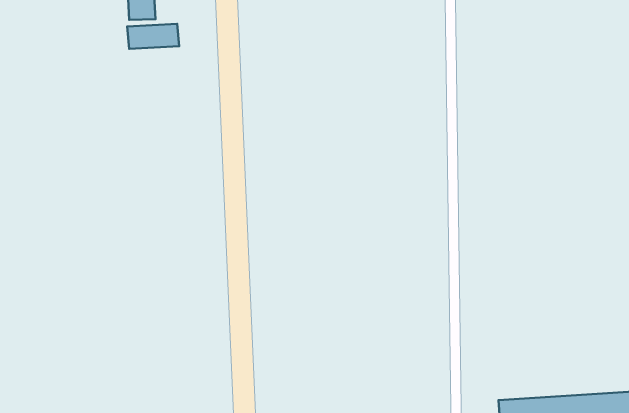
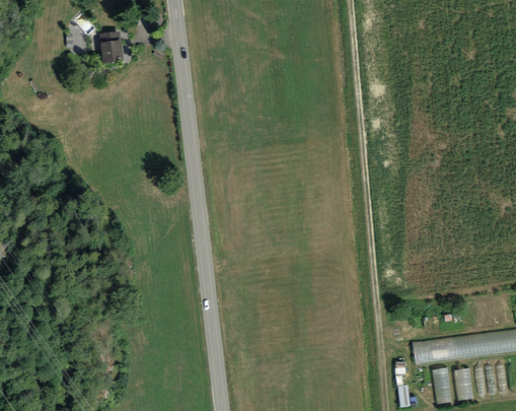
building: [127,24,179,49] -> none

